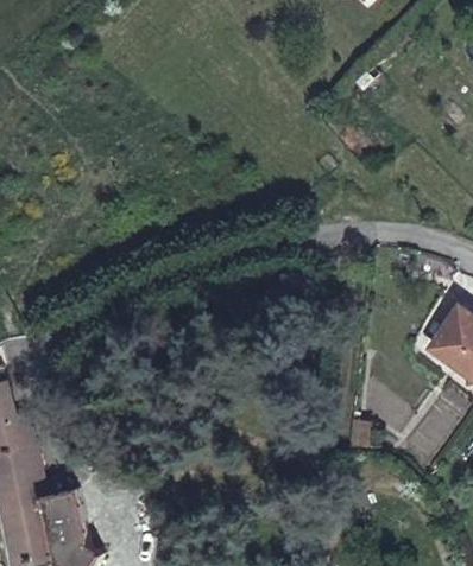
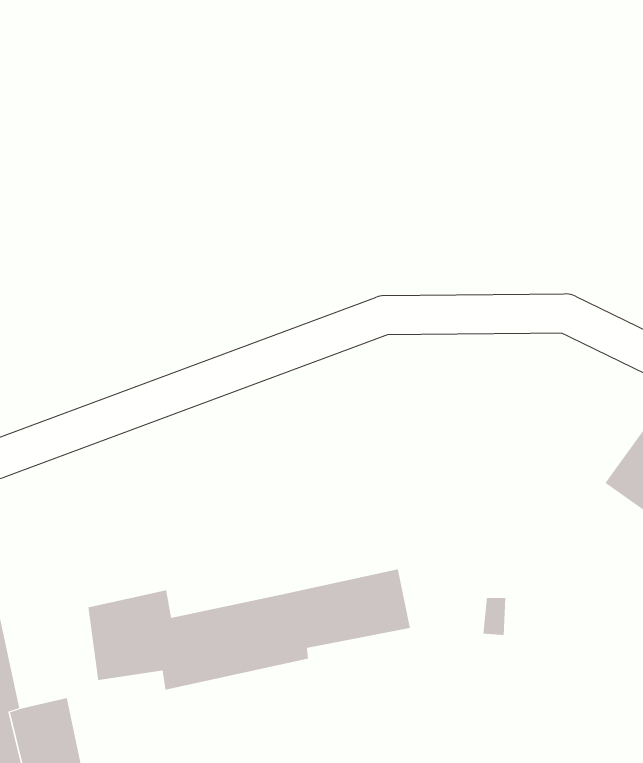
building: none -> [88,568,410,690]

